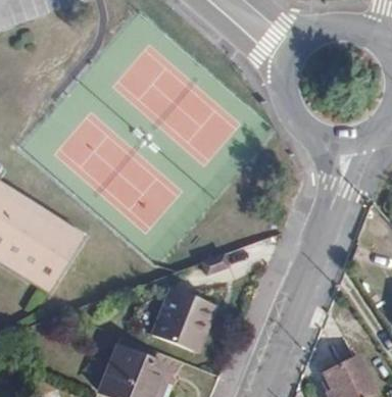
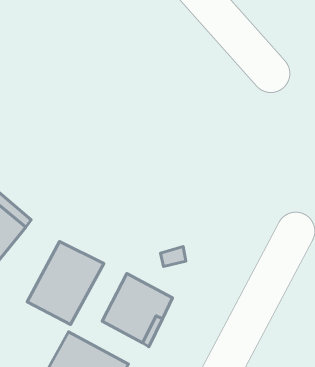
building: none -> [27,241,104,325]

